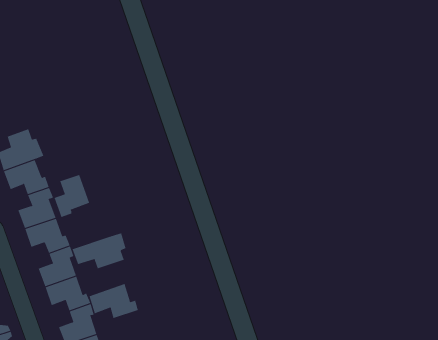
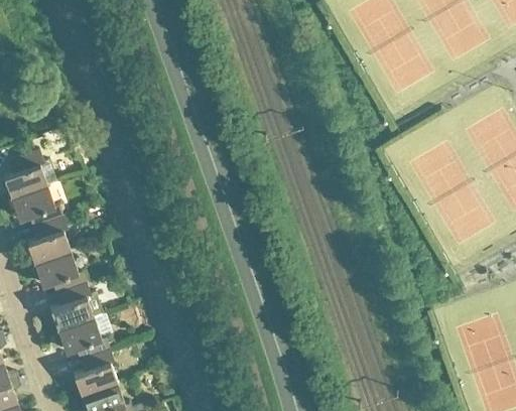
building: [54,174,90,218] -> none
building: [72,233,126,269] -> none
building: [89,283,138,319] -> none

